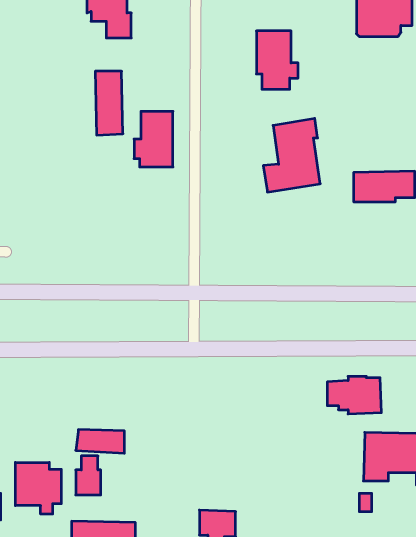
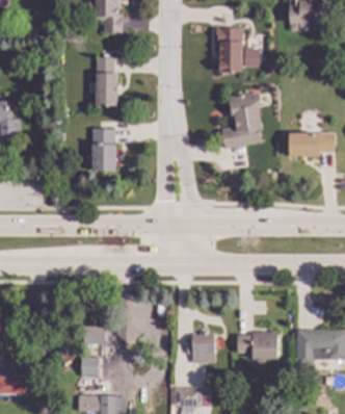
building: [134,111,173,167] -> [87,128,116,170]
building: [327,376,381,414] -> [237,330,277,358]
building: none -> [190,330,214,362]
building: [15,462,61,514] -> none

